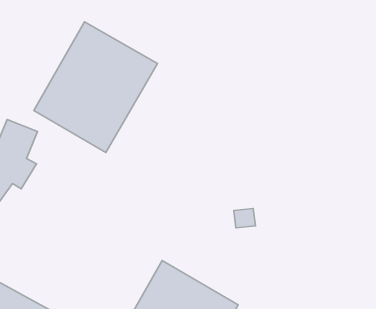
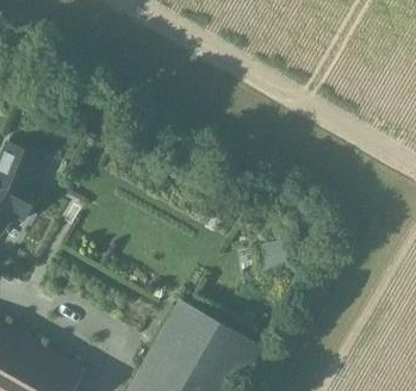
building: [34,22,158,153] -> none

